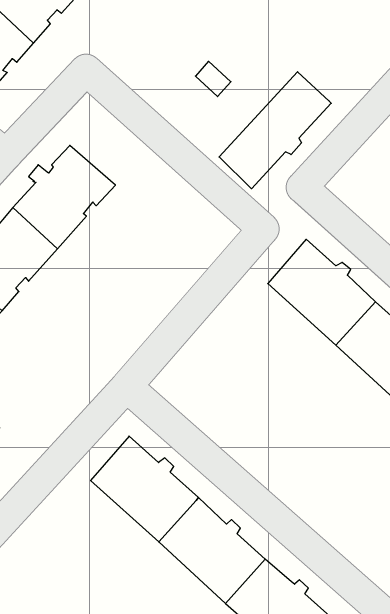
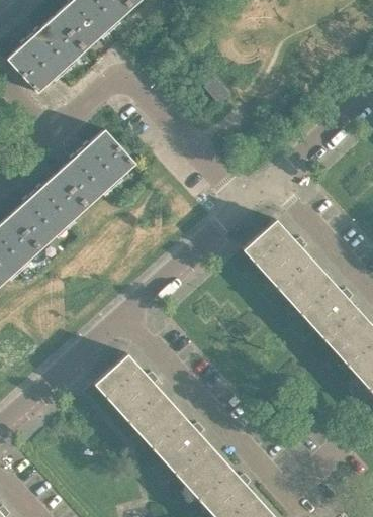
building: [219,72,331,189] -> none

